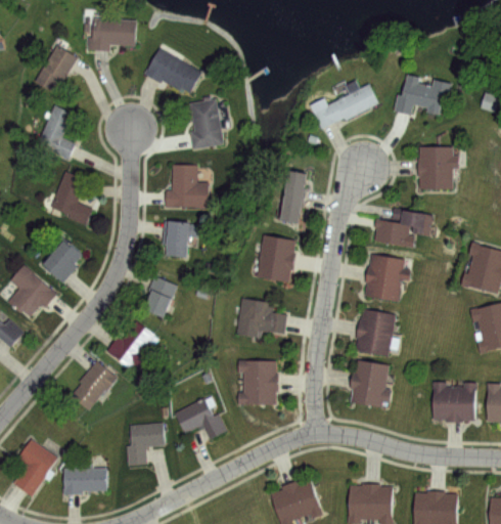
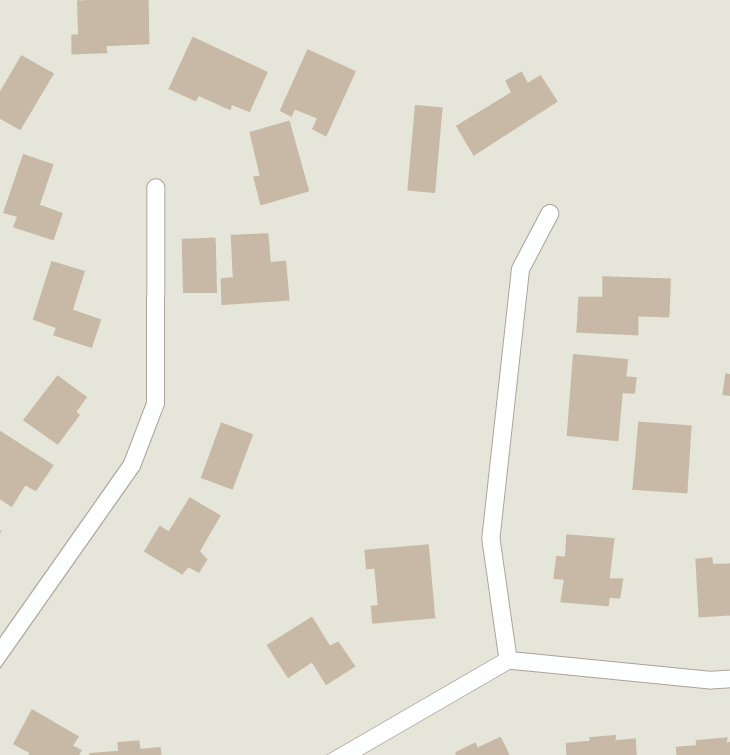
building: none -> [279,48,357,137]
building: [395,74,454,116] -> none
building: [419,146,460,190] -> none
building: [279,171,306,225] -> [406,105,444,193]
building: [165,222,188,257] -> [181,237,218,293]
building: [256,234,294,282] -> none
building: [234,297,287,338] -> none
building: [355,311,395,357] -> [631,421,693,494]
building: [72,358,119,409] -> none
building: [127,422,165,468] -> none

